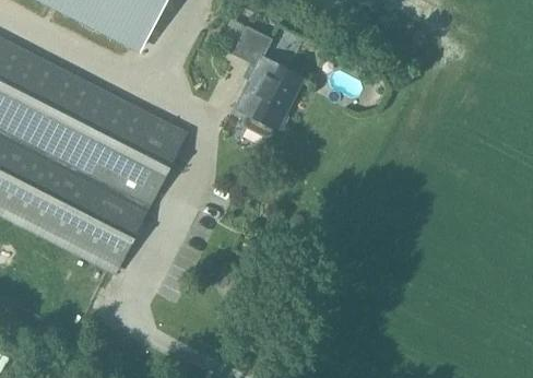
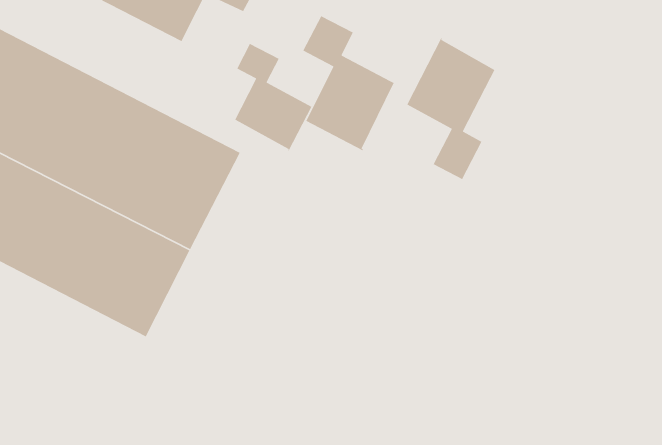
building: none -> [406,37,497,180]
building: none -> [233,43,313,152]

